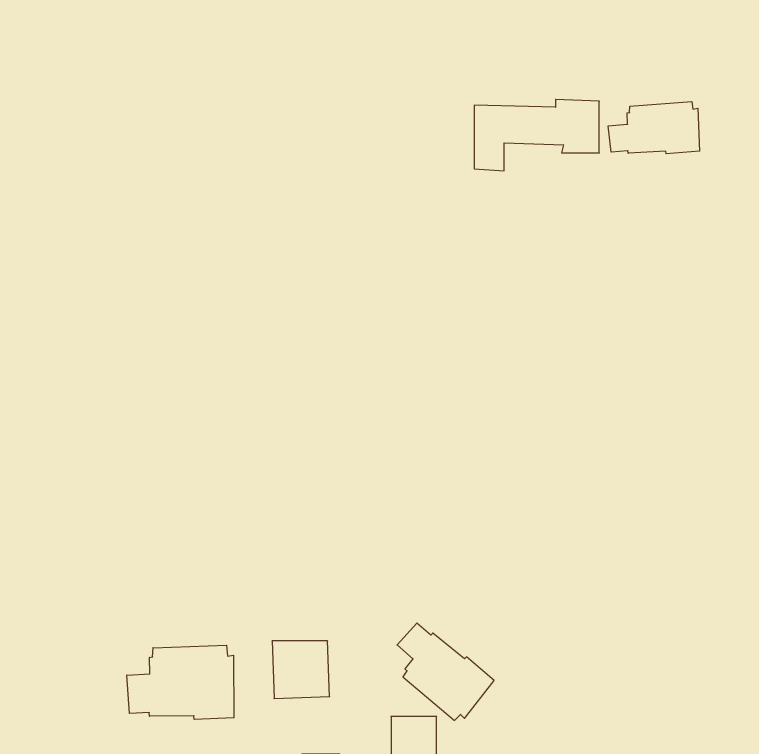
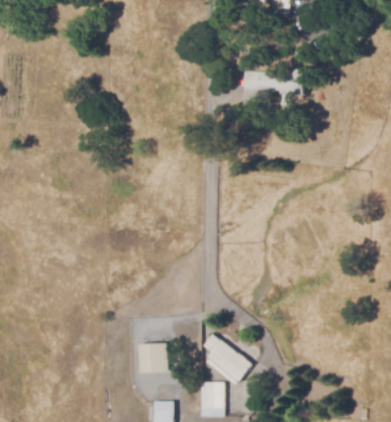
building: [608,102,700,154] -> none
building: [127,645,234,719] -> none

